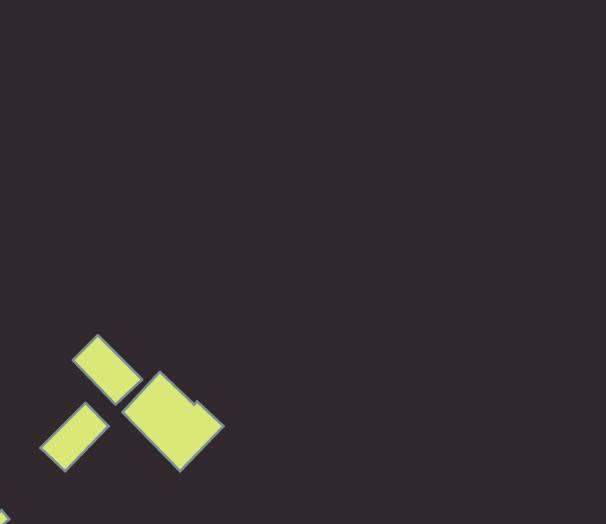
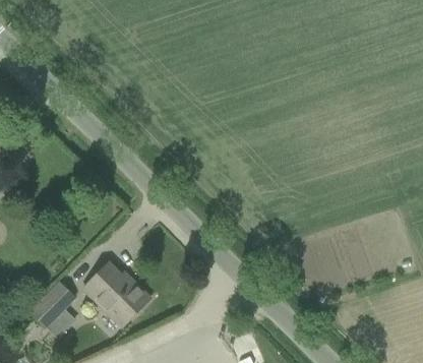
building: [73,335,142,404] -> none

